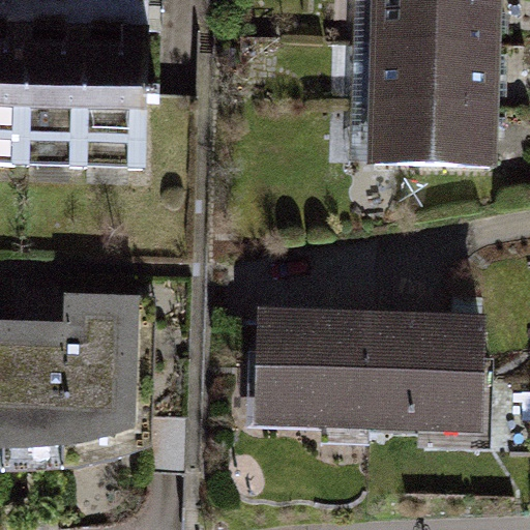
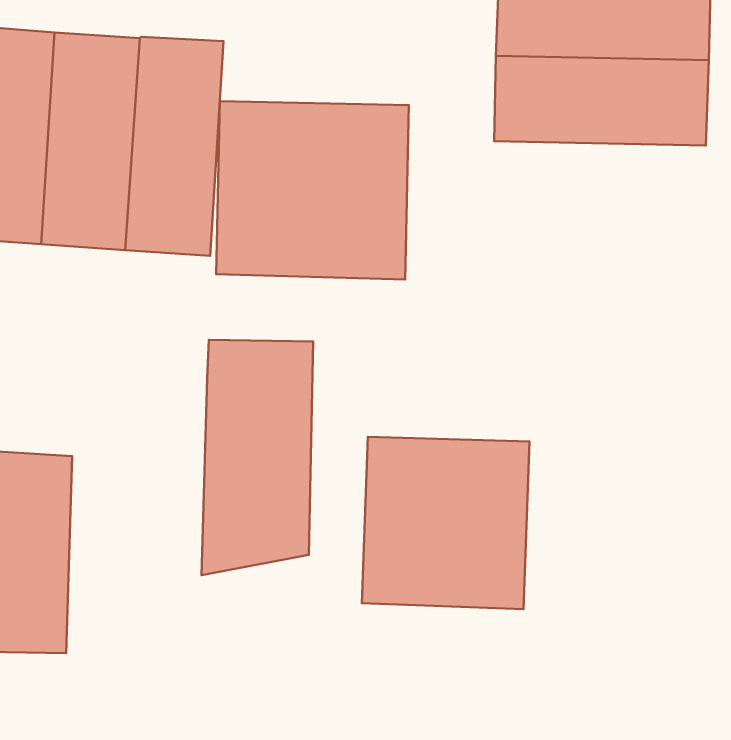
building: none -> [216,101,409,279]
building: [347,99,497,166] -> none
building: [47,294,125,460] -> [201,340,313,575]
building: [369,311,484,432] -> none

